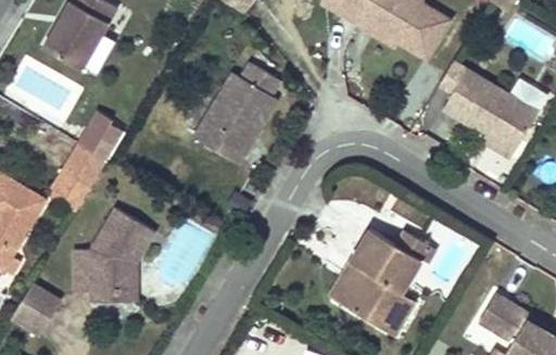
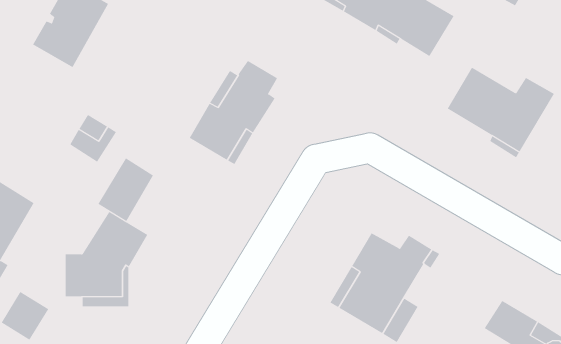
building: [51,143,105,205] -> [97,158,154,222]

